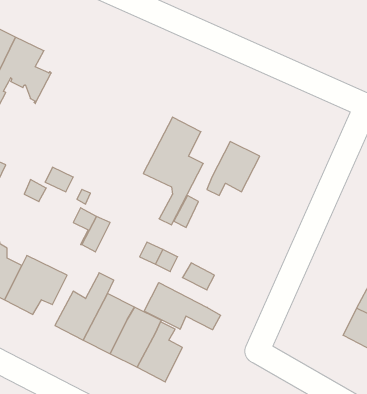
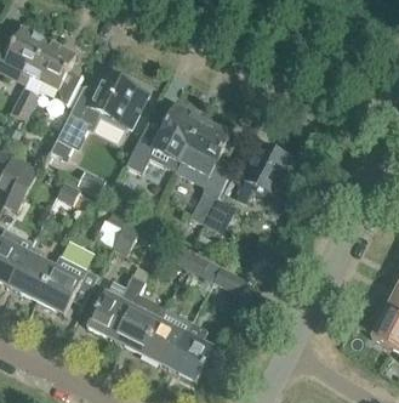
building: none -> [49,72,148,160]
building: none -> [125,106,203,177]
building: [144,283,221,330] -> none

